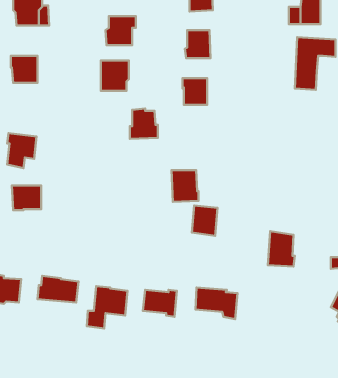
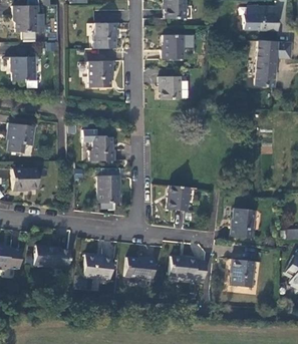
building: [130,109,158,139] -> [91,135,115,161]
building: [172,170,198,202] -> [98,176,121,203]
building: none -> [231,259,255,288]

